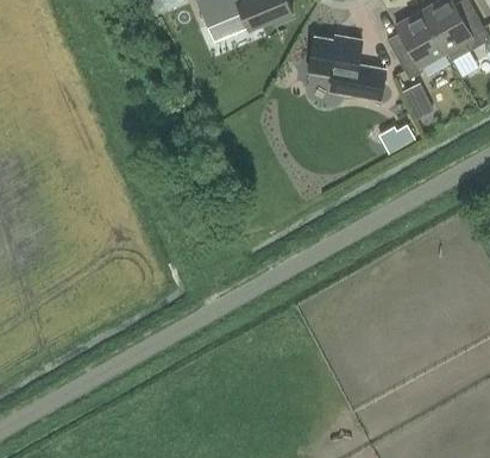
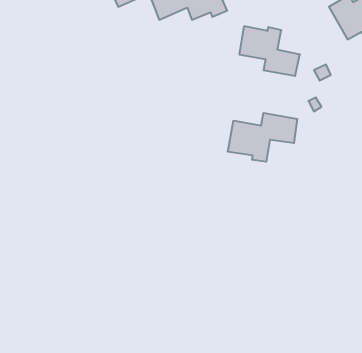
building: [387,11,446,80] -> none
building: none -> [228,113,297,162]

